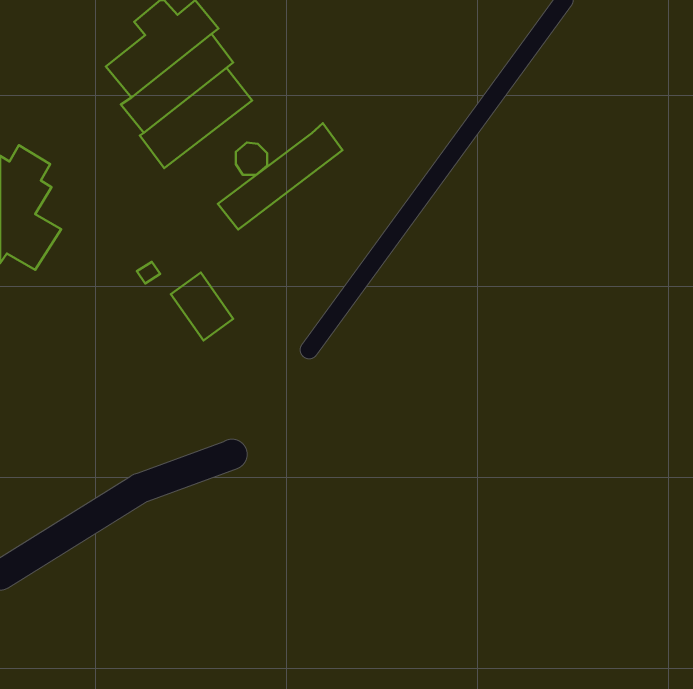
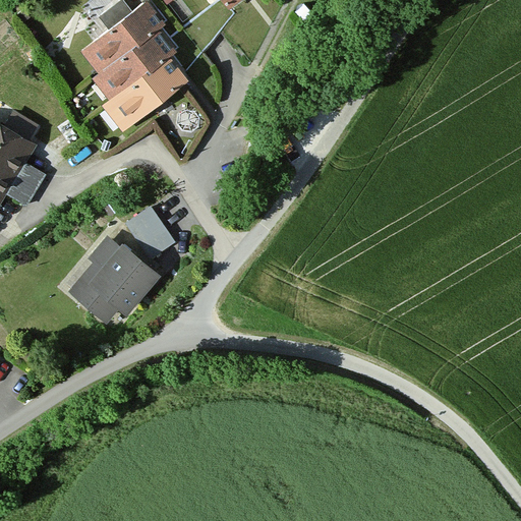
building: [218,123,342,229] -> none
building: none -> [70,233,159,321]

